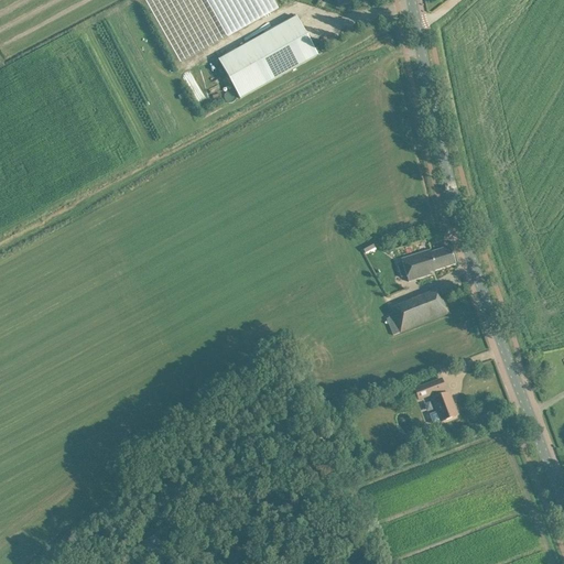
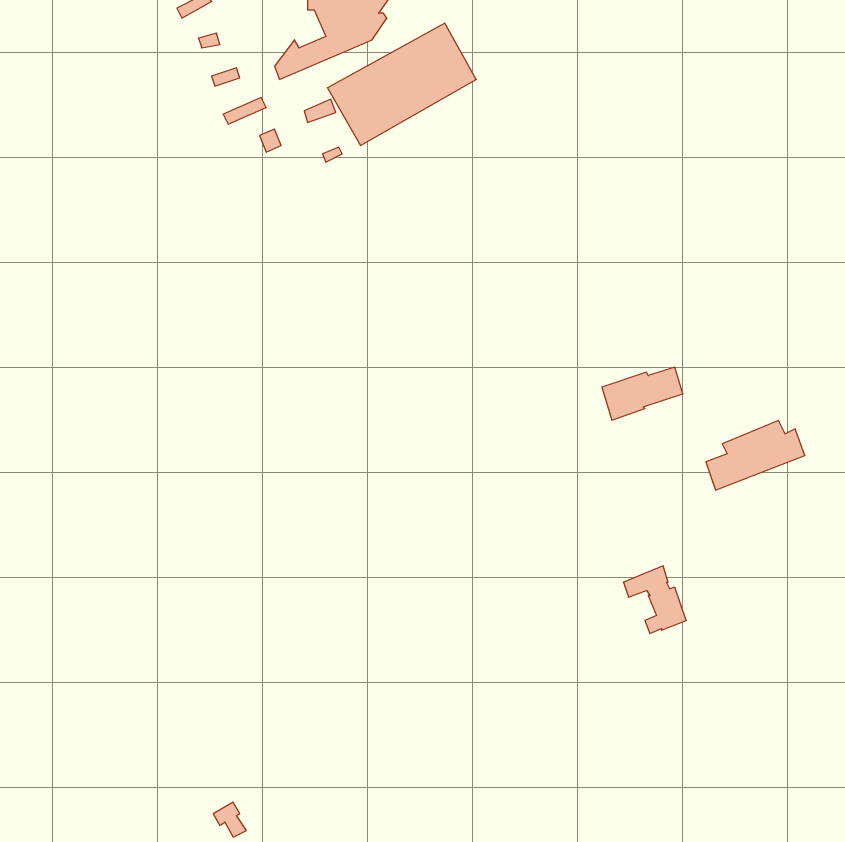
building: [383,289,449,335] -> [706,421,805,490]

